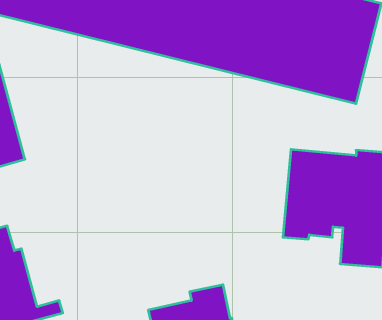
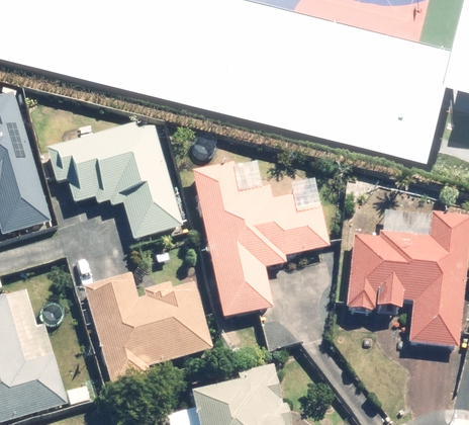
building: none -> [46,120,185,243]
building: none -> [192,163,331,320]
building: none -> [83,273,215,385]

